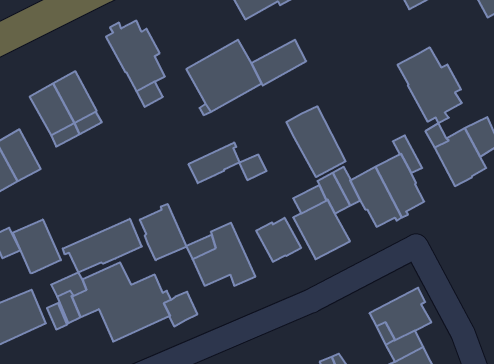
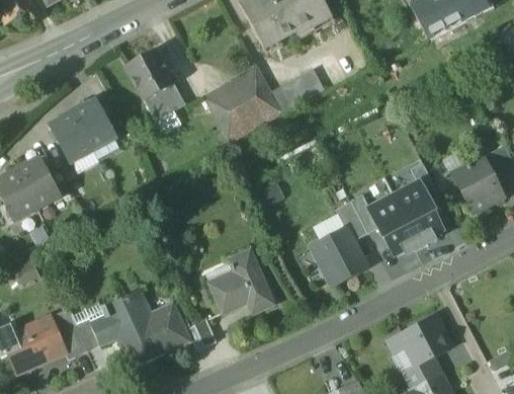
building: [398,47,462,123] -> none
building: [286,106,346,177] -> none
building: [189,142,240,183] -> none
building: [140,204,187,260] -> none
building: [256,218,301,262] -> none
building: [63,219,142,273] -> none
building: [13,219,61,273] -> none

